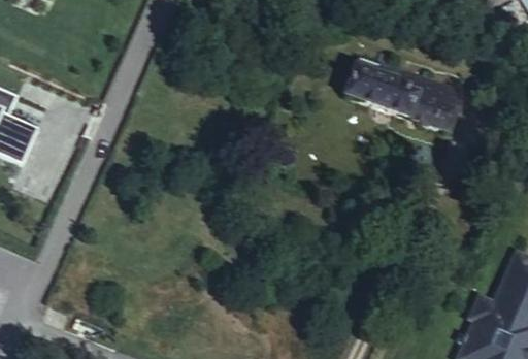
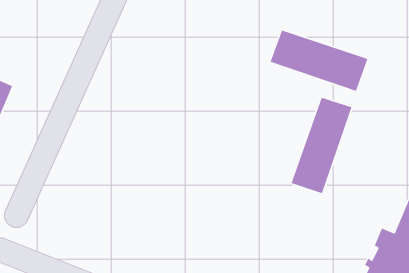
building: none -> [290,97,353,194]

